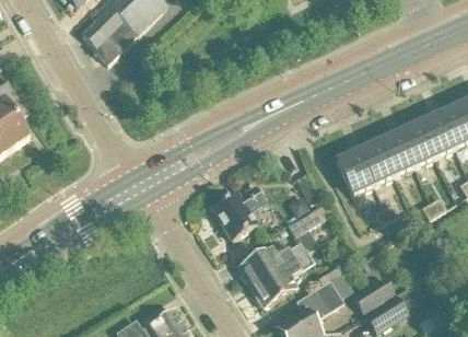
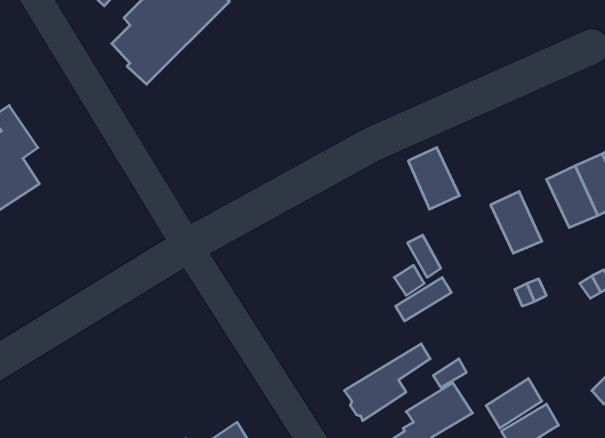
building: [378,132,414,177] -> none
building: [337,151,374,196] -> [408,147,460,209]
building: [213,185,266,240] -> none
building: [239,241,307,286] -> none

